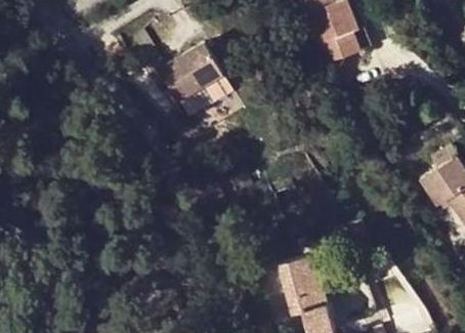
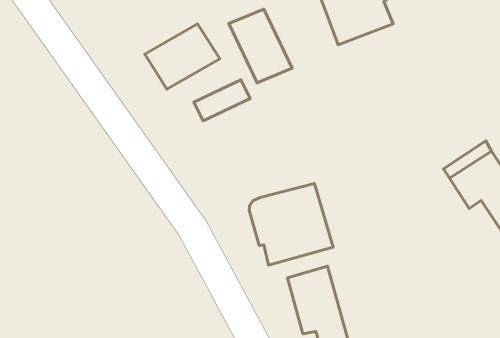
building: none -> [229,9,292,83]
building: none -> [249,184,333,265]

